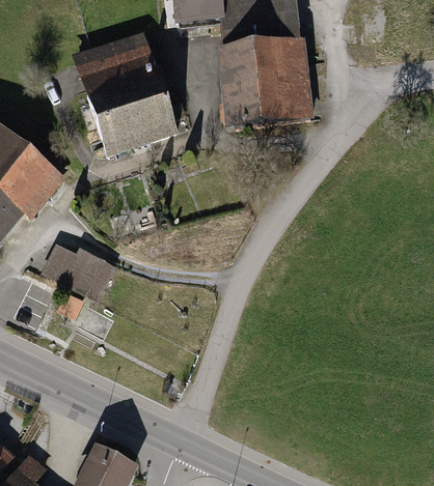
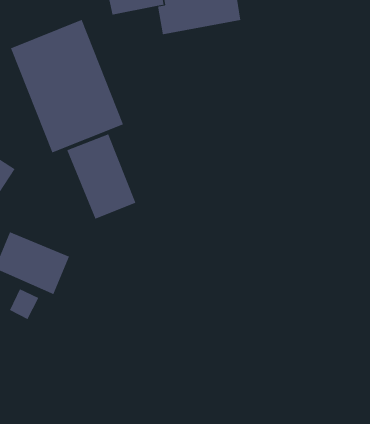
building: [215,41,315,131] -> none
building: none -> [67,134,136,220]

